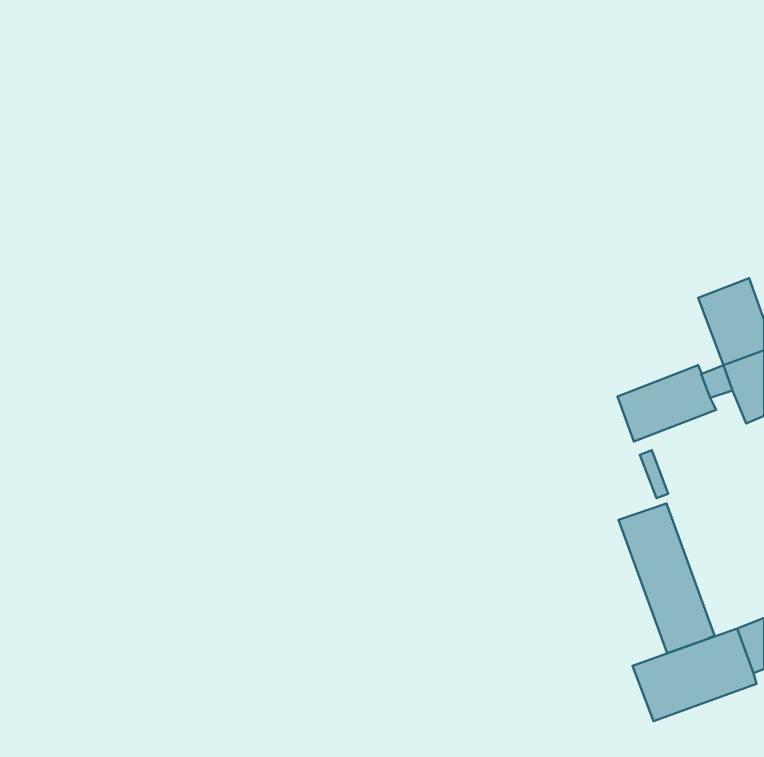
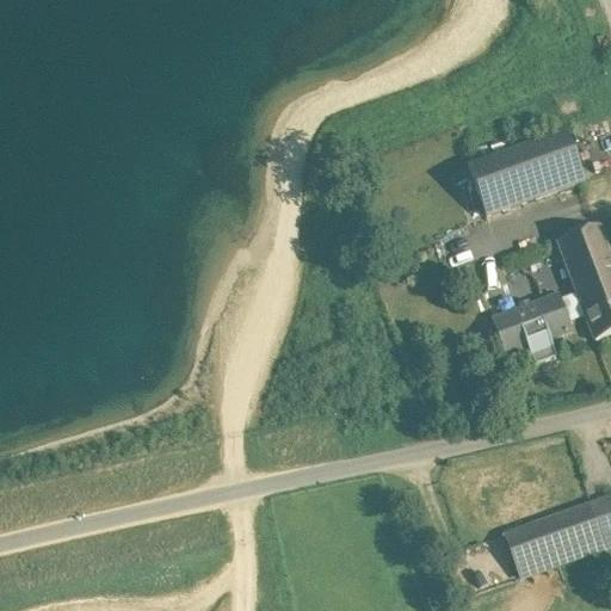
building: none -> [468,129,584,214]
building: [618,503,714,653] -> none

